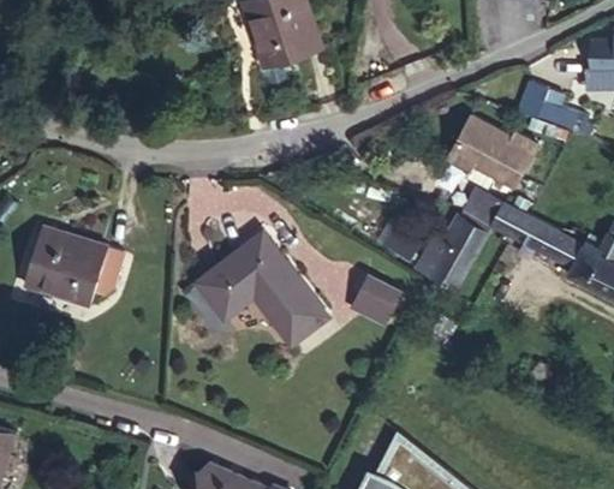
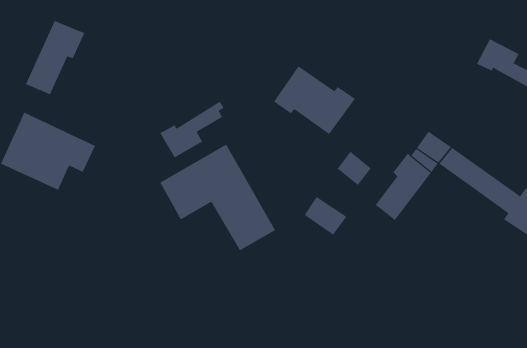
building: [448,115,536,185] -> [273,65,356,135]
building: none -> [25,20,85,95]
building: none -> [159,101,225,158]

